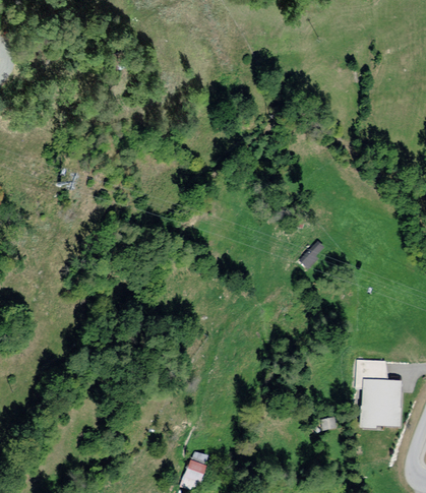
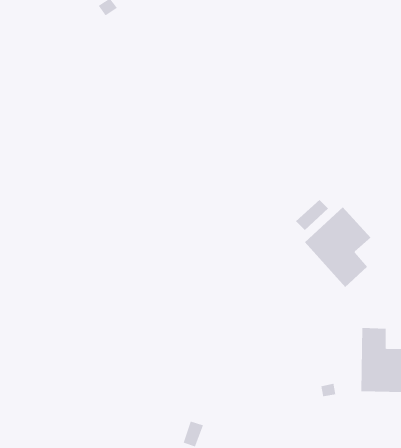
building: none -> [304,206,372,288]

